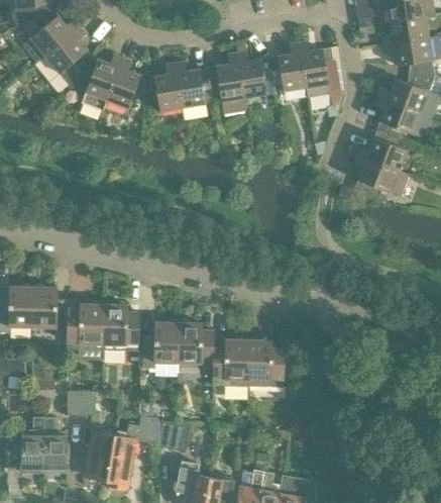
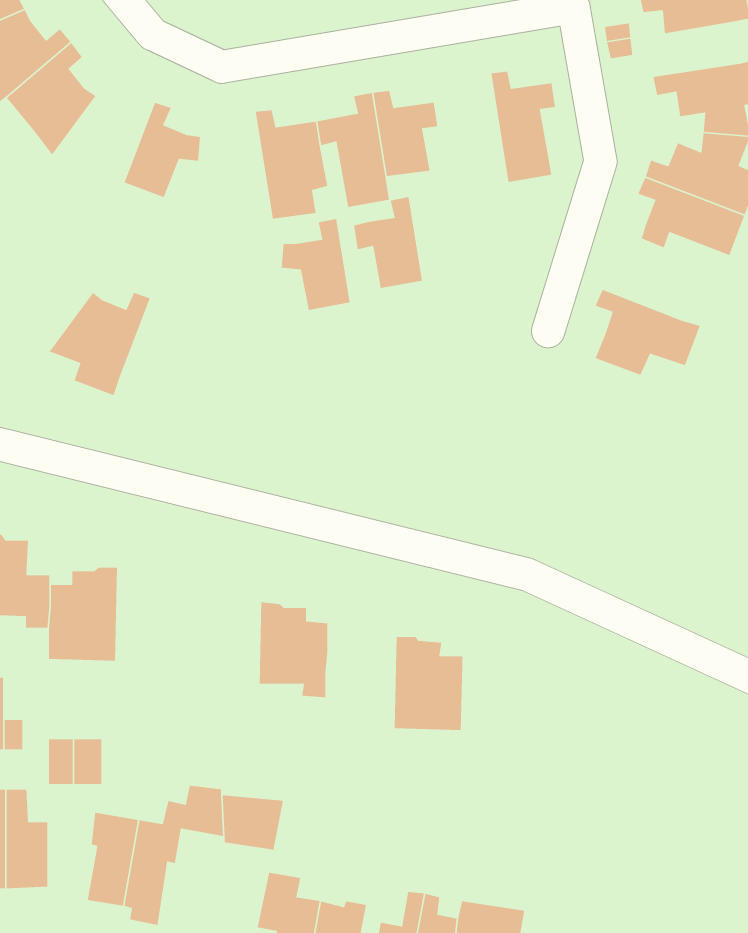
building: [382,17,429,45] -> none
building: [269,43,306,92] -> [353,196,423,289]
building: [70,56,123,110] -> [49,292,151,396]
building: [146,64,183,112] -> [281,218,350,311]
building: [357,130,407,173] -> none
building: [103,302,139,351] -> none
building: [142,320,179,373] -> none
building: [213,337,249,387] -> none

